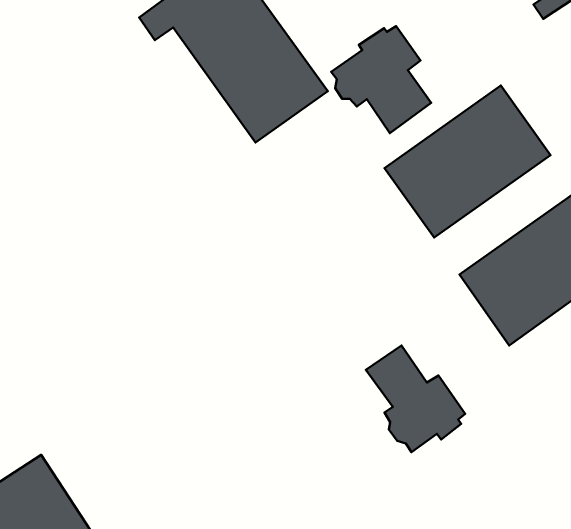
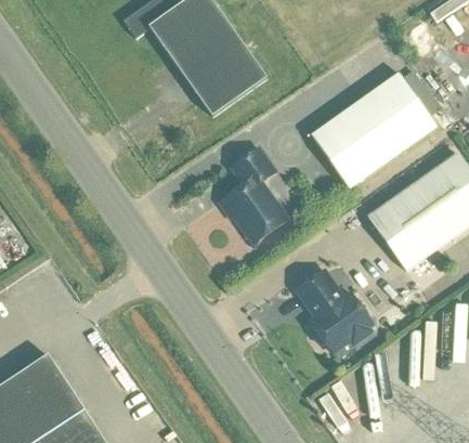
building: [331,26,431,133] -> none
building: none -> [220,148,287,243]

